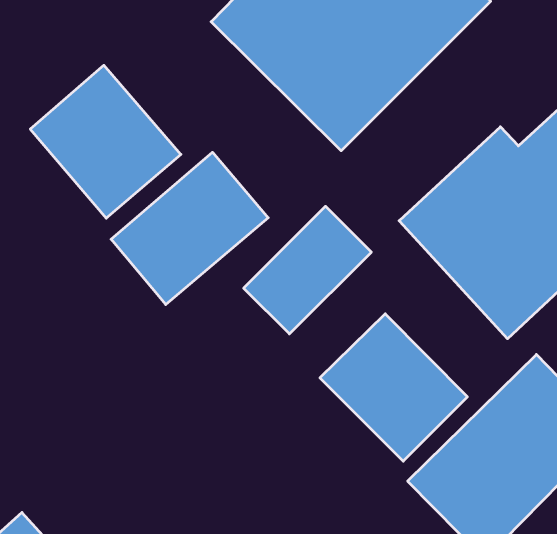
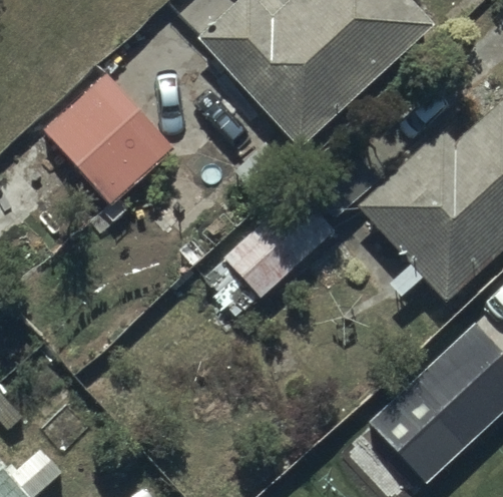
building: [111,152,268,305] -> none
building: [320,314,467,461] -> none

